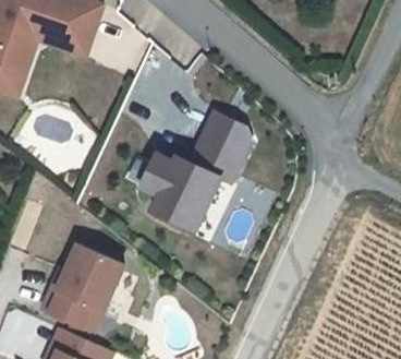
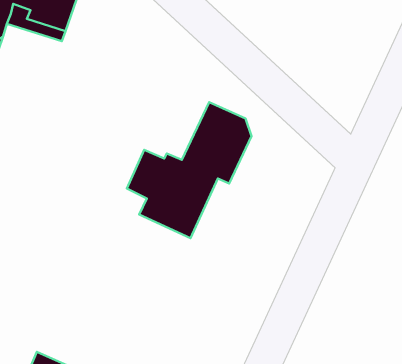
building: [45,242,125,330] -> none

